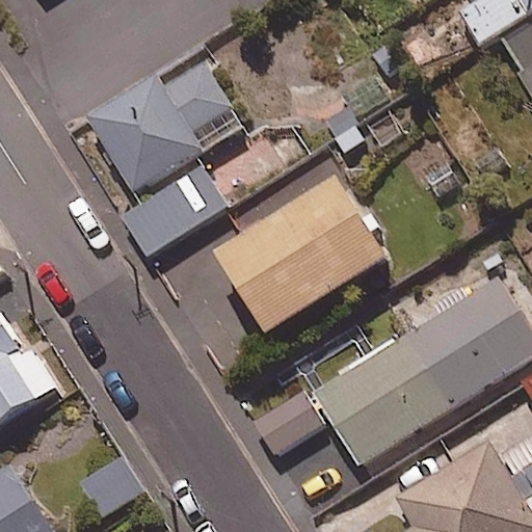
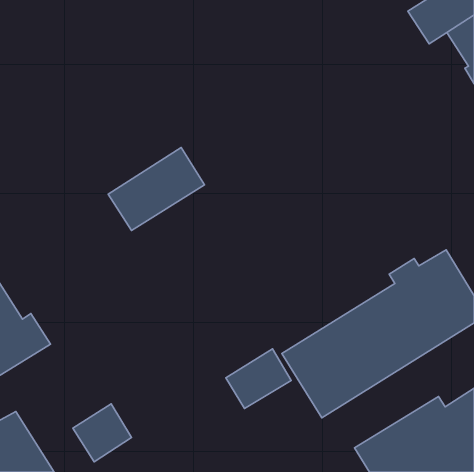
building: [86,60,245,193] -> none
building: [214,181,388,339] -> none

